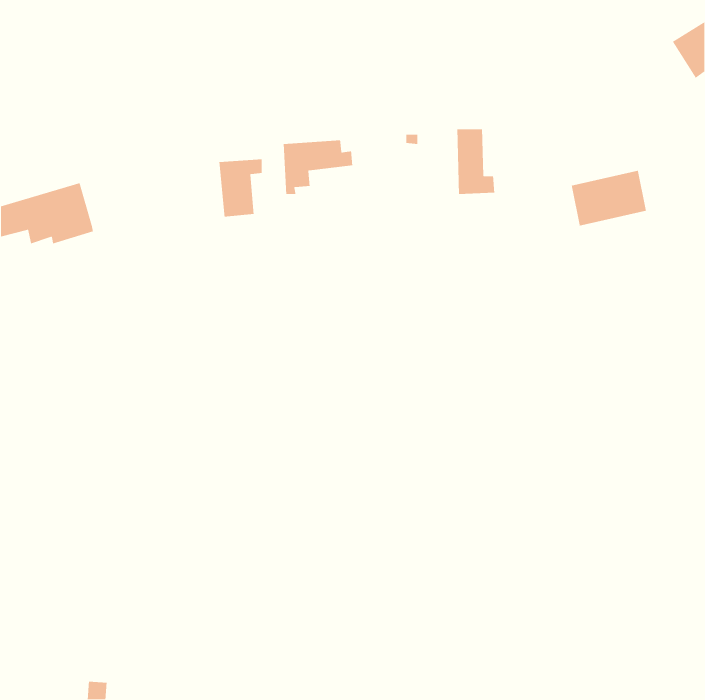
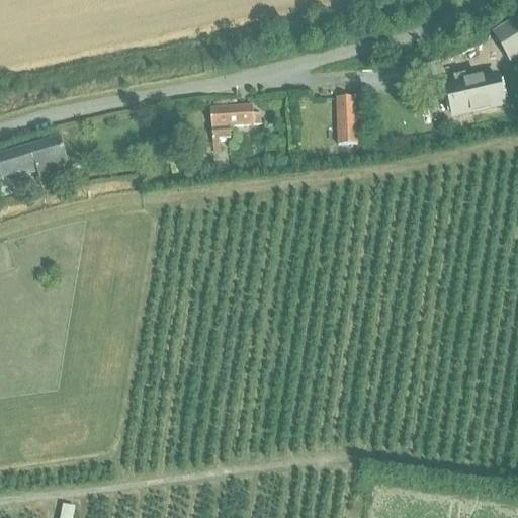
building: [218,158,263,217] -> none
building: [571,170,647,226] -> [446,73,502,114]

